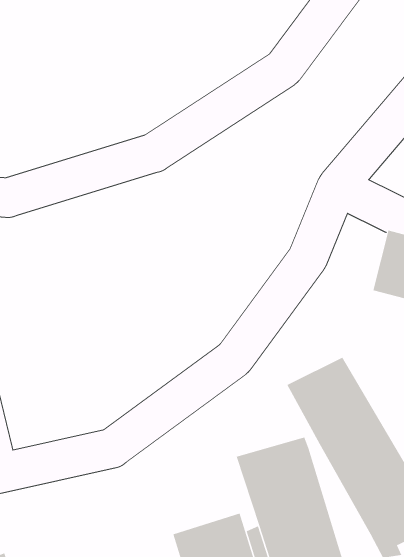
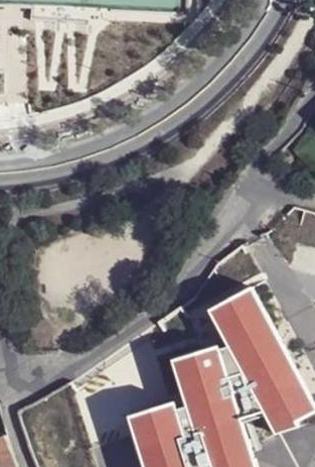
building: none -> [224,356,268,429]

